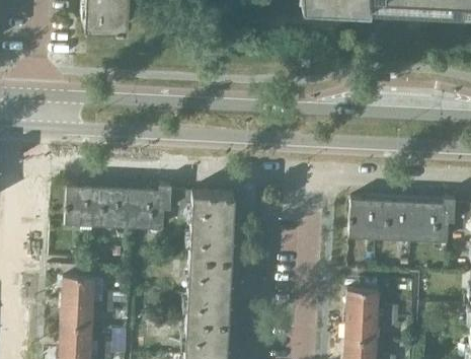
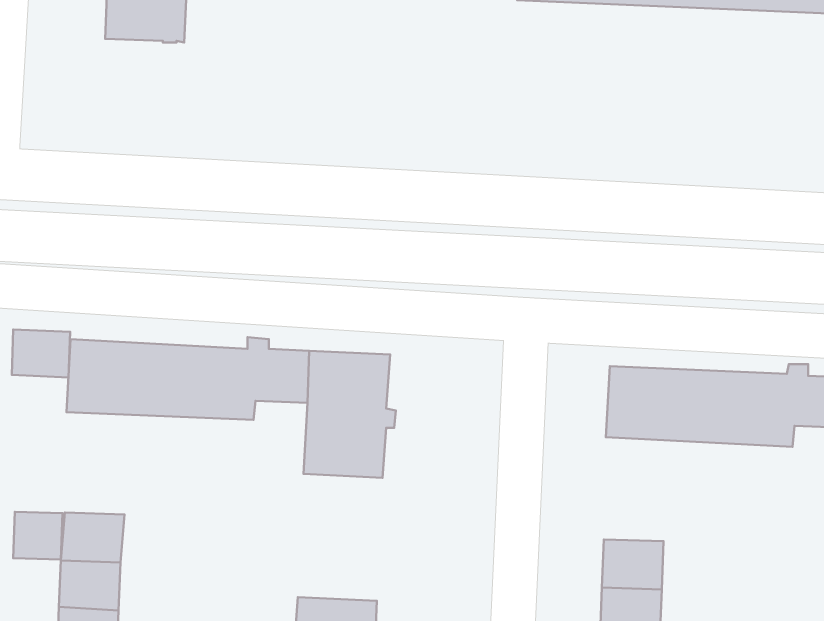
building: none -> [12,330,70,377]
building: [186,257,235,324] -> none
building: none -> [13,512,62,560]

